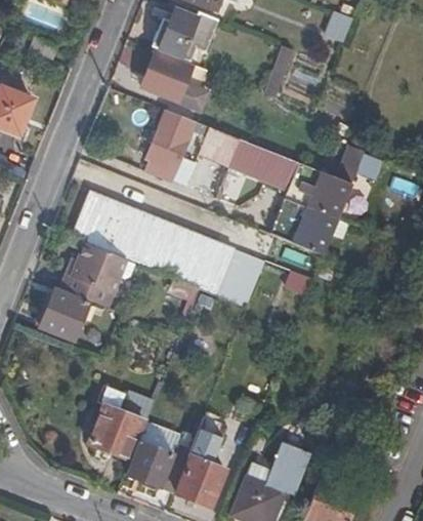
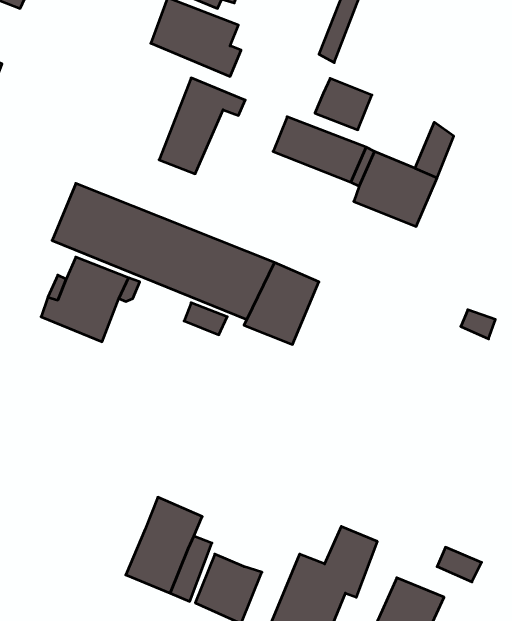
building: [200,127,242,165] -> [315,78,372,130]
building: [278,202,337,253] -> none
building: [37,289,88,344] -> none
building: [82,382,150,460] -> none
building: [188,424,225,472] -> none

